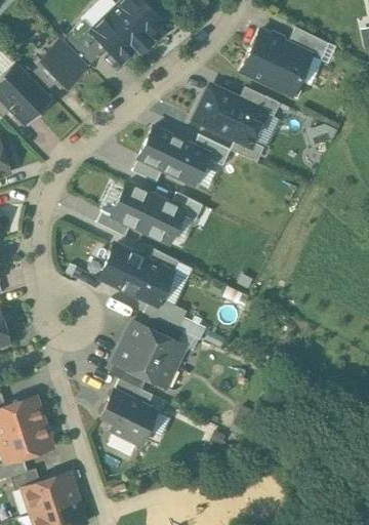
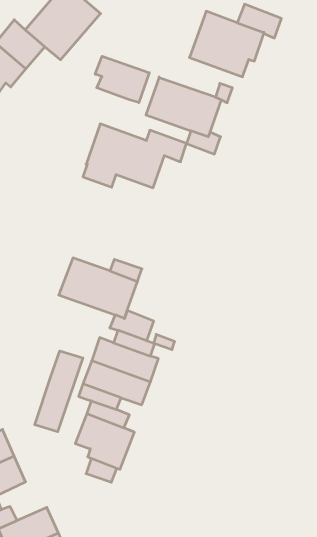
building: none -> [95,56,149,103]
building: [96,180,203,246] -> none
building: none -> [35,351,83,432]

